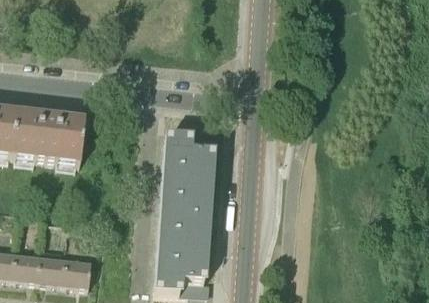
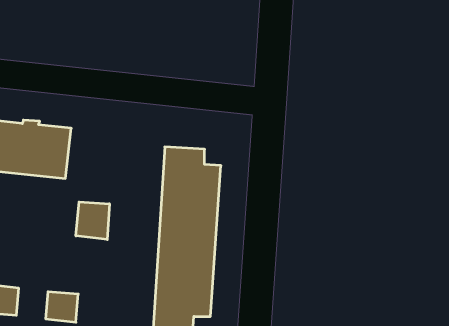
building: none -> [76,202,109,240]
building: [38,258,65,284] -> none

